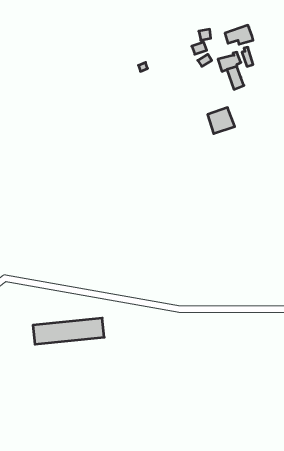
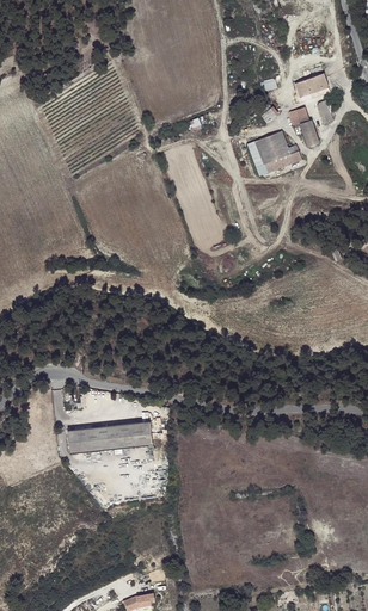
building: [208,108,235,134] -> [257,132,289,163]

